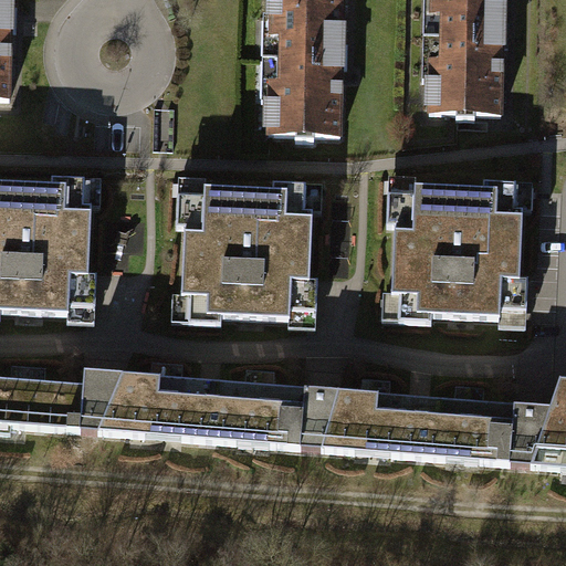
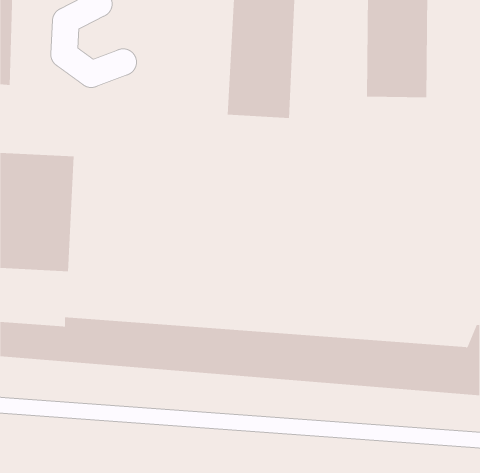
building: [172,185,313,317] -> none
building: [385,185,522,317] -> none

